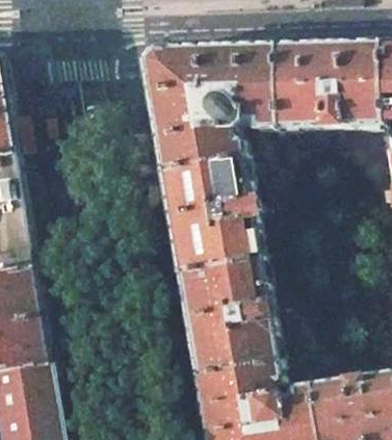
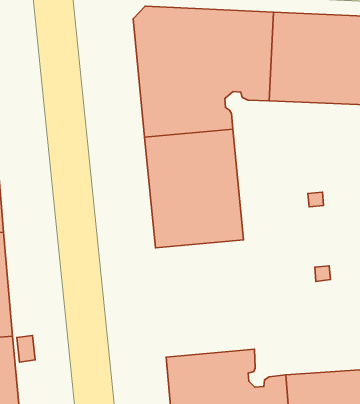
building: [176,256,276,371] -> none

